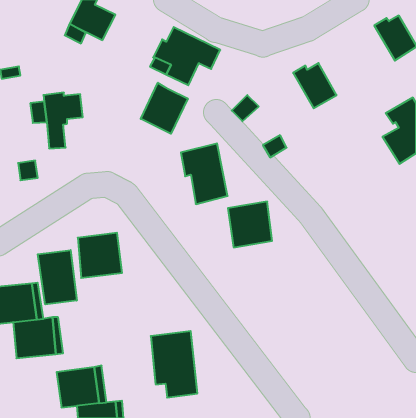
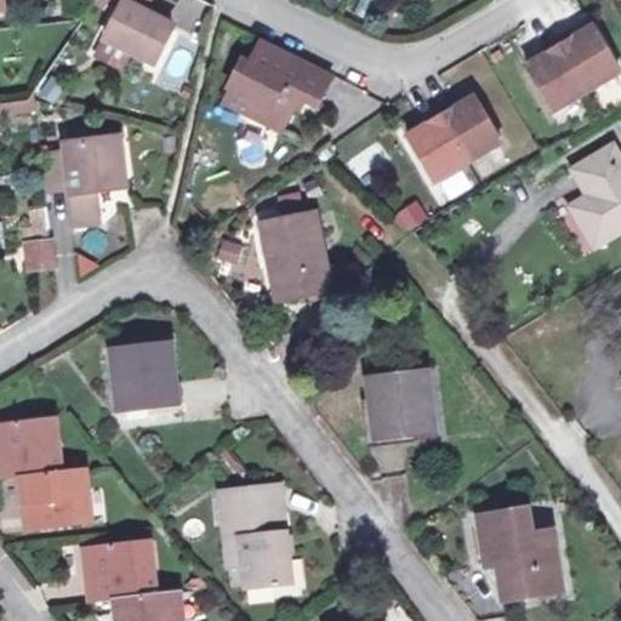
building: none -> [524,38,585,109]
building: none -> [404,108,465,181]
building: [141,83,188,134] -> none
building: [228,202,272,247] -> [371,372,437,440]
building: [38,250,77,304] -> none
building: none -> [478,511,560,599]

